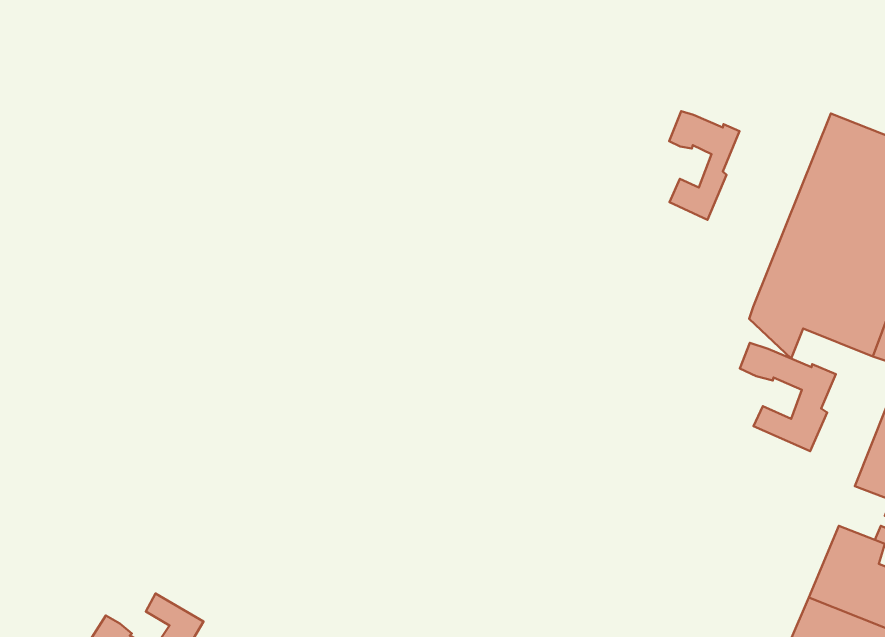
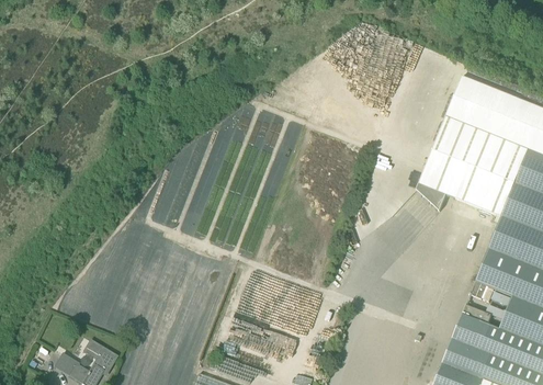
building: [669,111,740,220] -> none
building: [740,343,836,451] -> none

